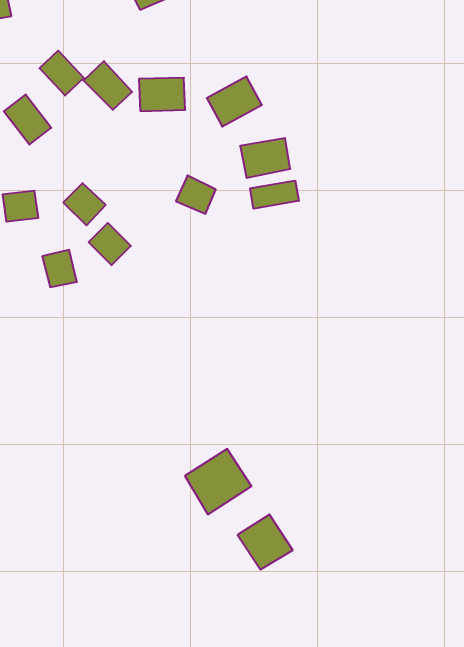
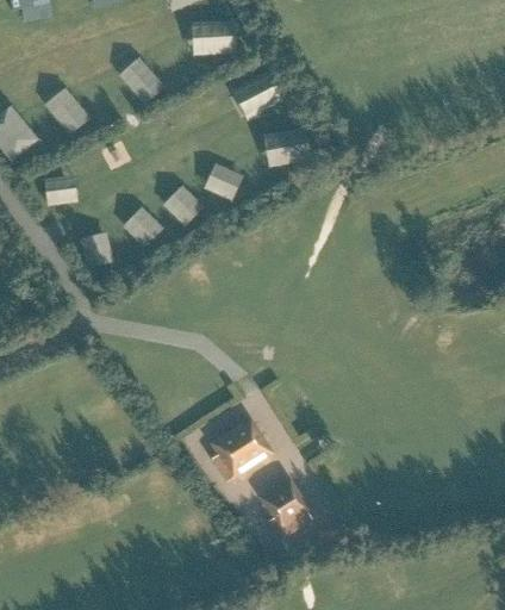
building: [39,51,84,96] -> none
building: [139,78,185,111] -> [192,21,235,52]
building: [250,181,299,209] -> none
building: [63,183,106,225] -> [163,186,202,225]

